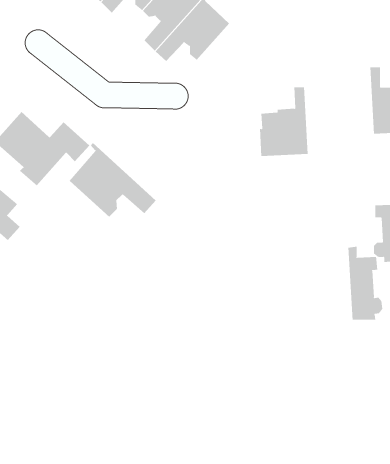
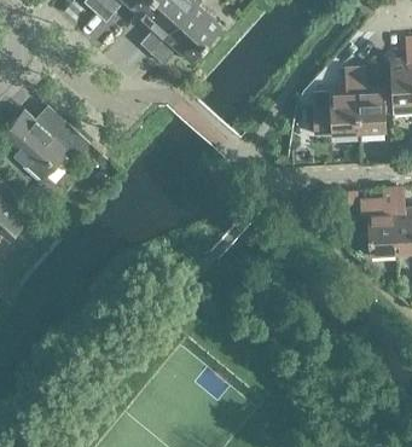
building: [259,87,309,157] -> [312,68,359,134]
building: [69,142,157,218] -> none
building: [348,246,383,321] -> none

